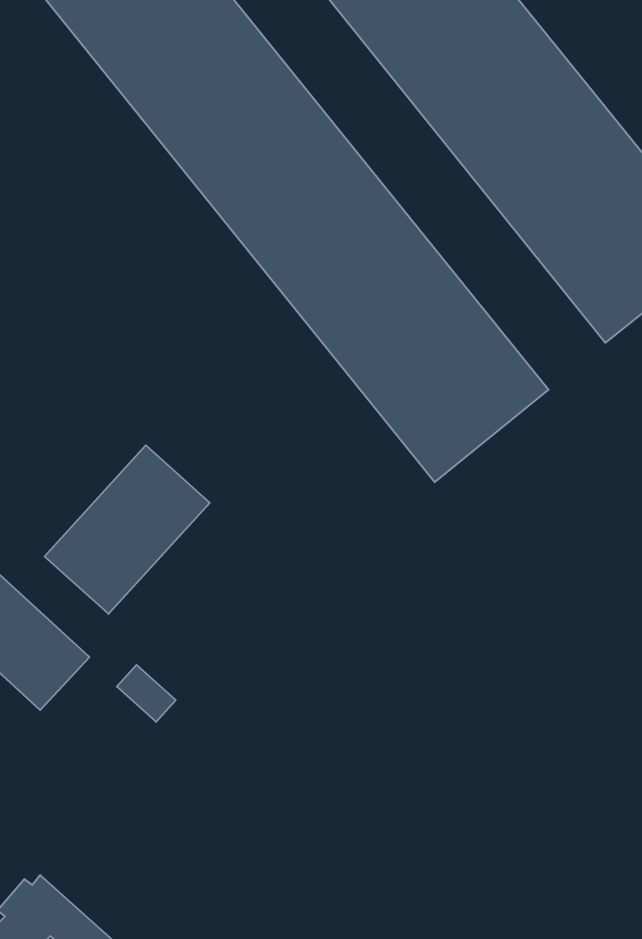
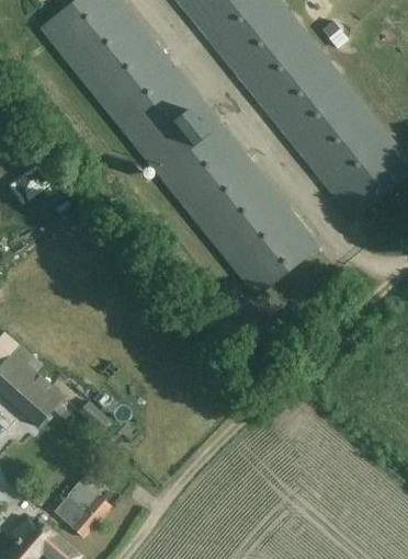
building: [45,445,210,614] -> none
building: none -> [68,478,111,535]

